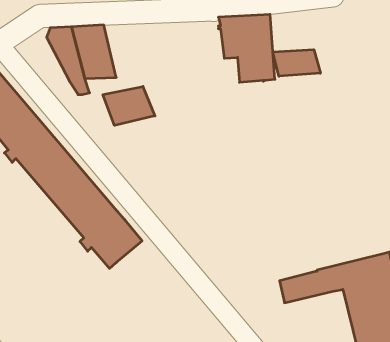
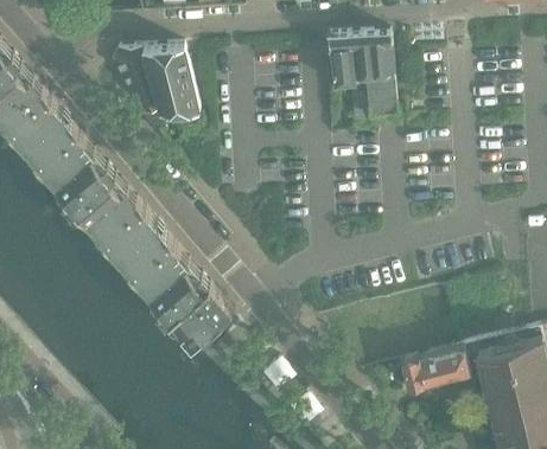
building: [273,50,320,76] -> none
building: [103,86,155,125] -> none

